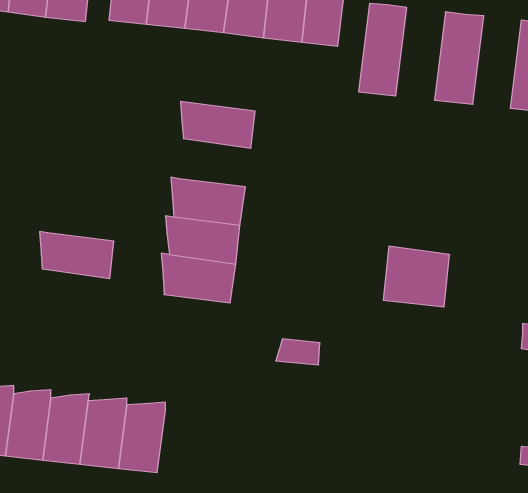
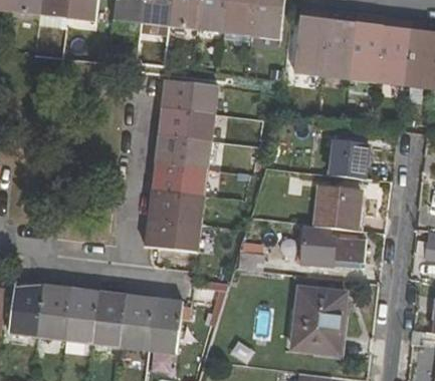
building: none -> [321,11,358,78]
building: none -> [378,17,413,84]
building: none -> [162,105,216,141]
building: none -> [328,139,370,178]
building: [40,232,114,279] -> [147,219,201,253]
building: none -> [301,236,363,264]
building: none -> [289,286,347,354]
building: none -> [148,301,182,353]

